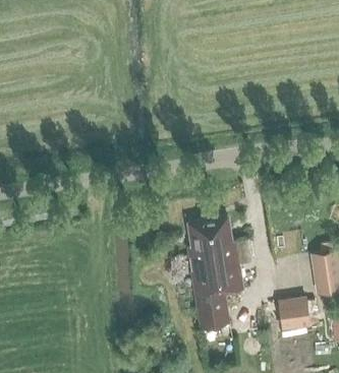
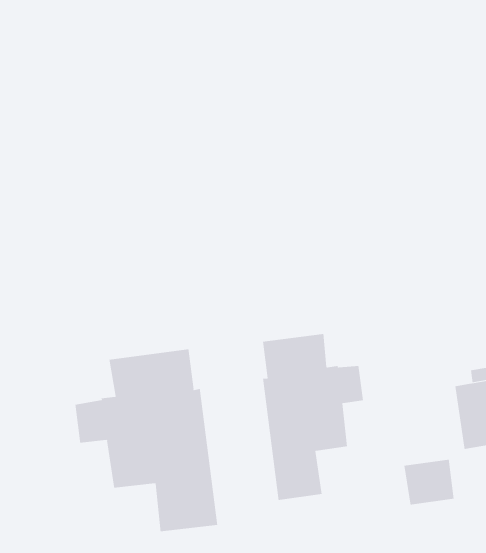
building: none -> [75,349,218,532]

